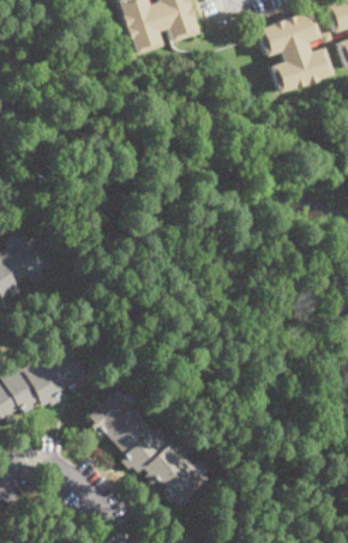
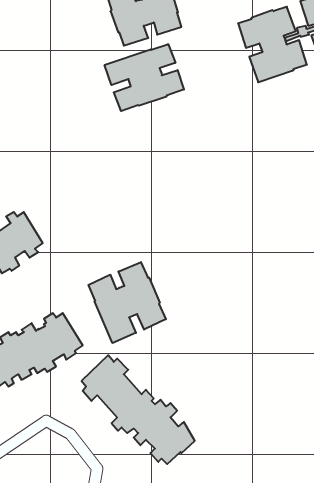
building: none -> [105,44,184,111]
building: none -> [88,262,166,343]

